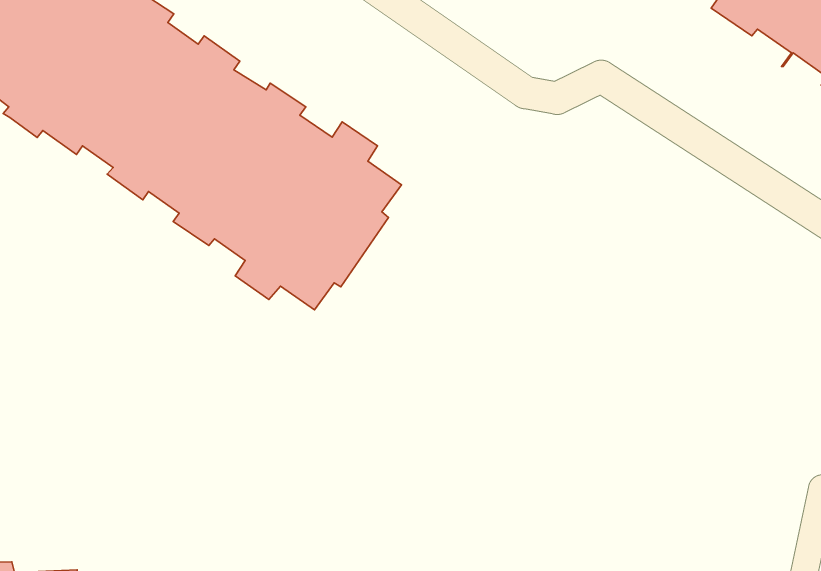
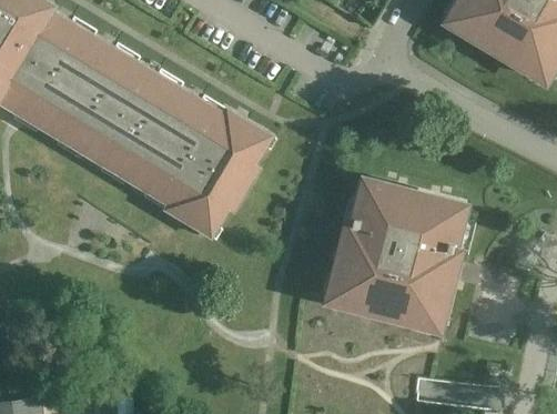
building: none -> [330,178,463,327]

